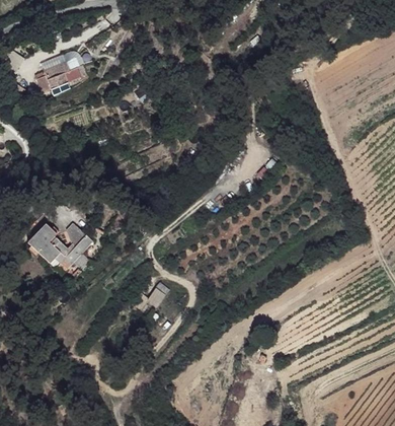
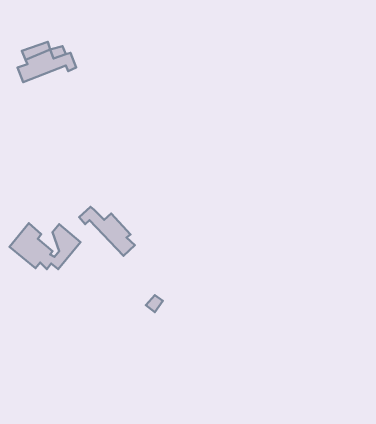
building: none -> [79,207,135,256]

